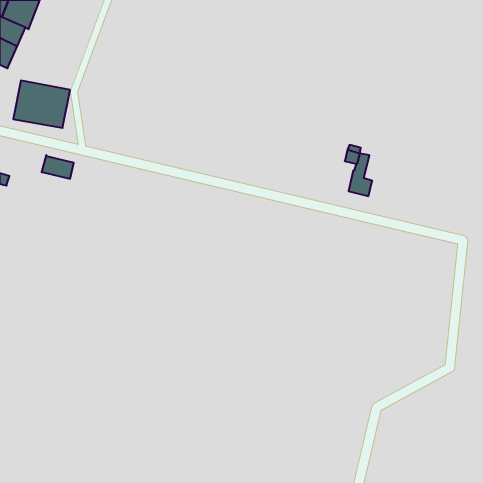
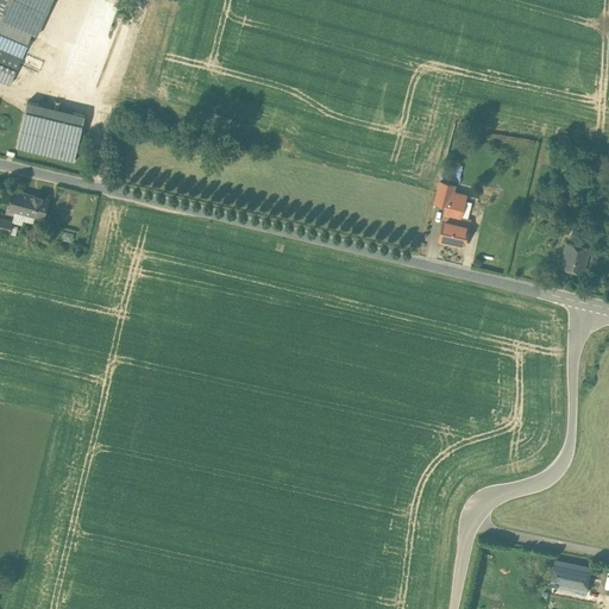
building: [42,155,74,179] -> [7,190,48,220]
building: none -> [560,244,588,275]
building: none -> [547,561,591,594]

